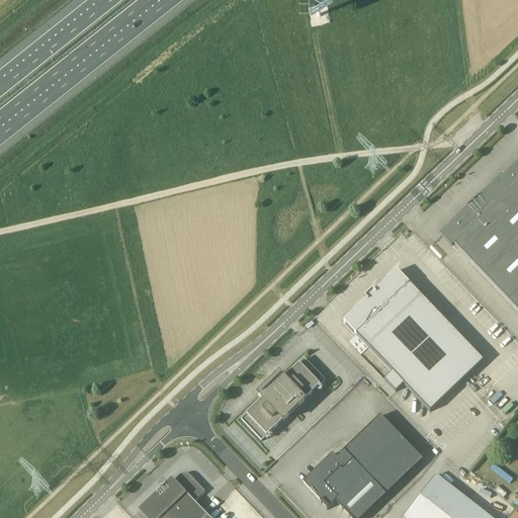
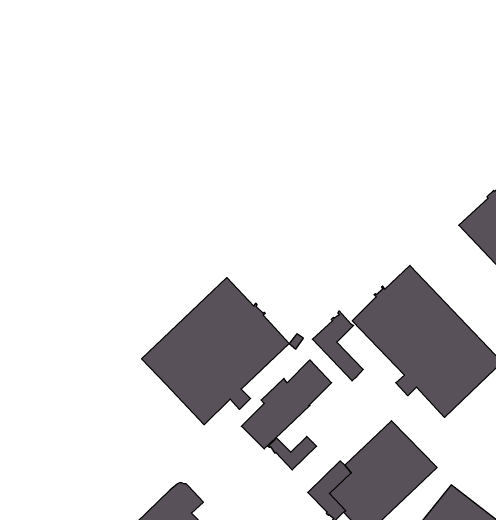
building: none -> [142,278,289,425]
building: none -> [312,311,363,381]
building: none -> [268,436,317,470]

